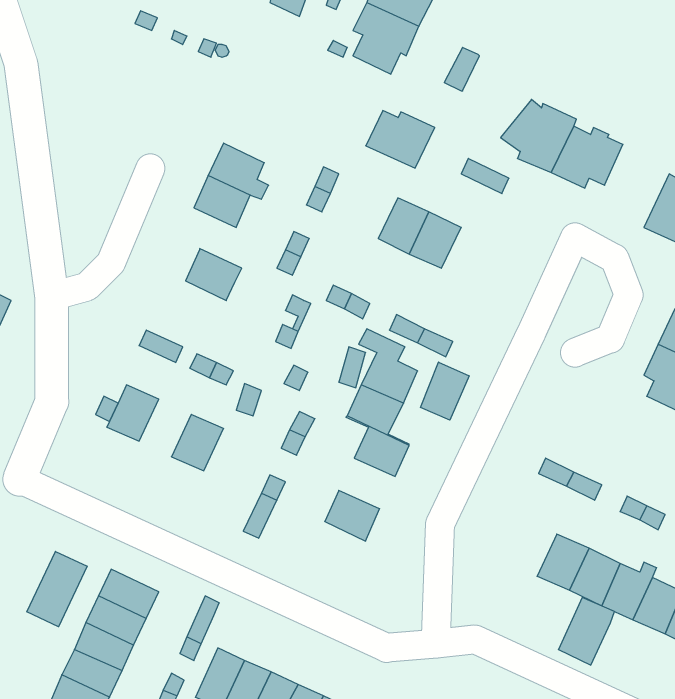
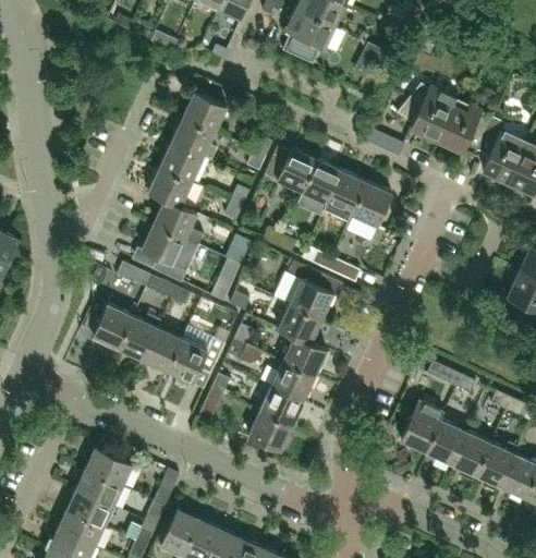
building: [366,111,435,168] -> [264,147,317,192]
building: none -> [182,93,226,133]
building: none -> [477,119,527,183]
building: none -> [147,168,192,207]
building: none -> [351,183,391,240]
building: none -> [141,225,198,282]
building: [420,362,469,420] -> none
building: none -> [117,315,160,361]
building: none -> [167,338,224,384]
building: none -> [271,362,315,401]
building: none -> [248,411,292,451]
building: [27,551,87,627] -> none
building: [558,598,615,665] -> [400,401,443,453]

